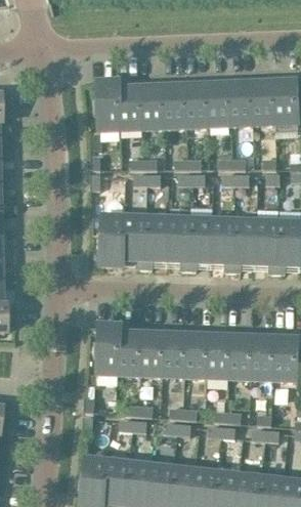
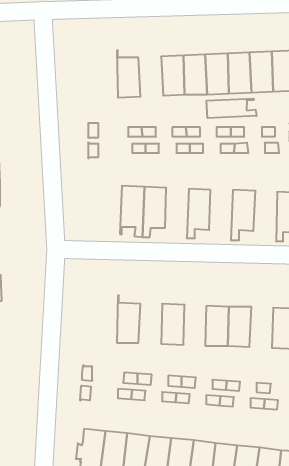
building: [94,82,121,130] -> none
building: [141,88,166,128] -> none
building: none -> [207,99,257,118]
building: [98,217,125,265] -> none
building: [168,219,191,269] -> none
building: [212,221,235,271] -> none
building: [256,222,280,272] -> none
building: [94,326,121,374] -> none
building: [141,335,165,375] -> none
building: [186,336,209,377] -> none
building: [252,338,275,379] -> none

